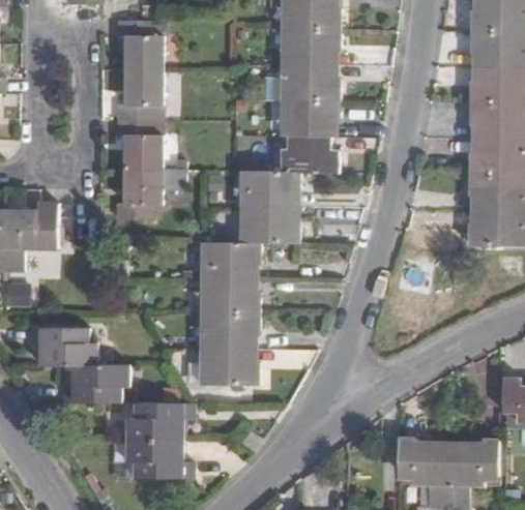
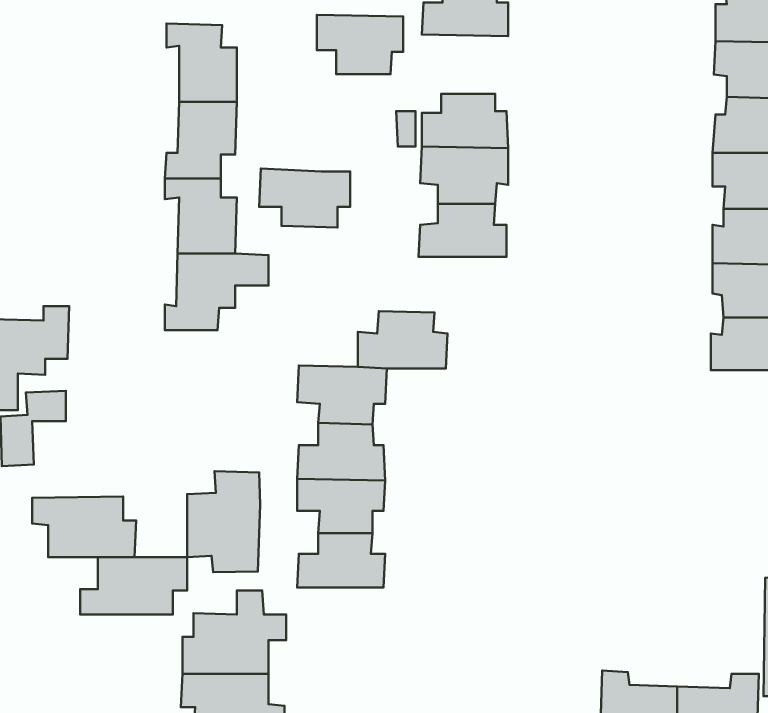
building: [282,27,338,65] -> [317,15,403,74]
building: [239,169,298,207] -> [259,168,350,228]
building: none -> [187,471,260,572]

